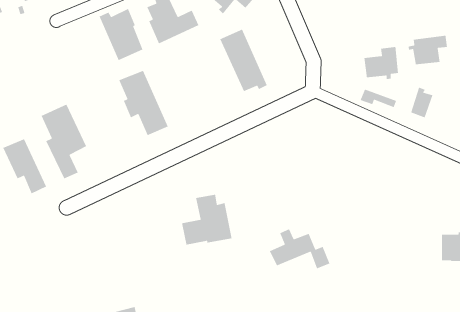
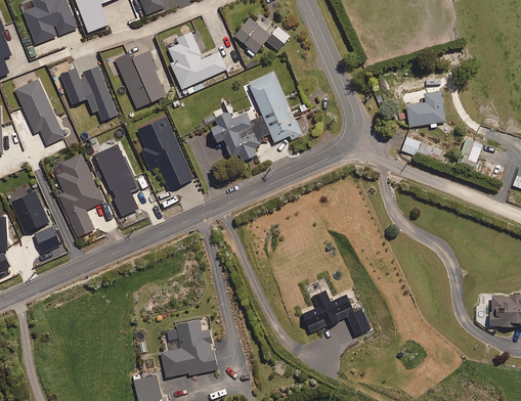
building: none -> [60,65,118,120]
building: [408,35,448,65] -> none
building: none -> [14,79,63,144]
building: none -> [210,112,267,160]
building: none -> [94,143,138,217]
building: [181,194,233,245] -> [161,320,217,376]

